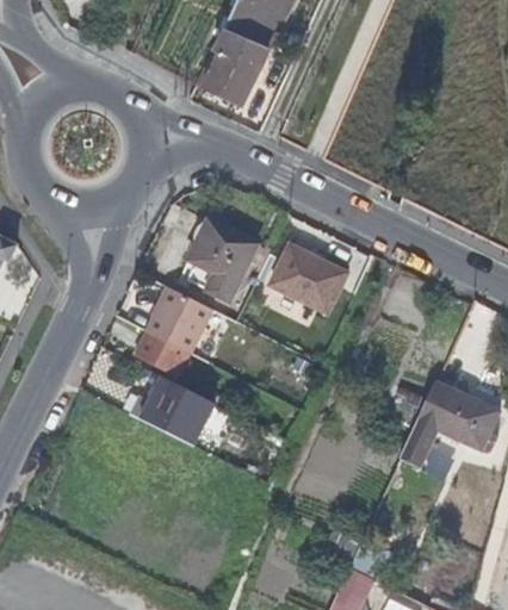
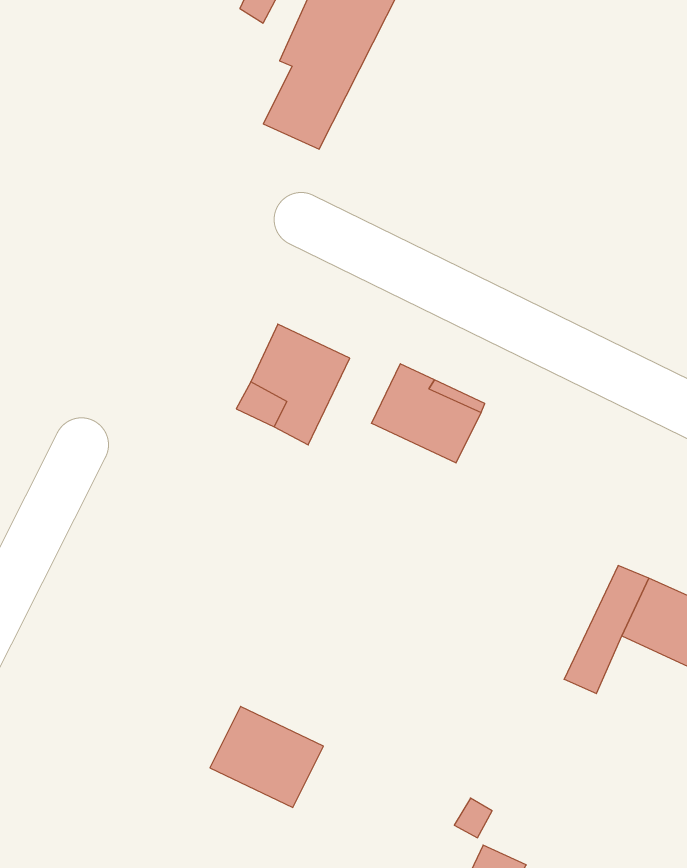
building: [141,291,219,380] -> none
building: [135,376,210,443] -> [210,706,323,807]

